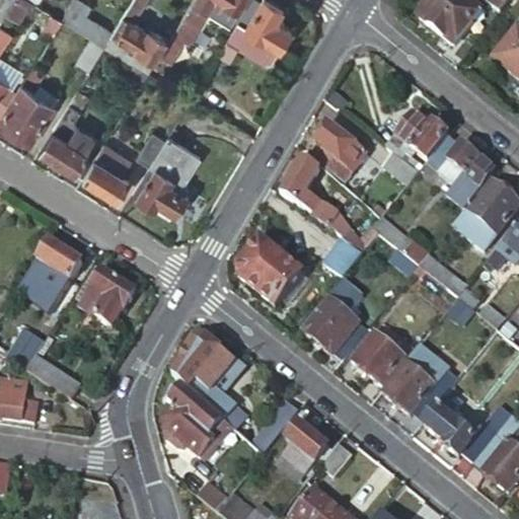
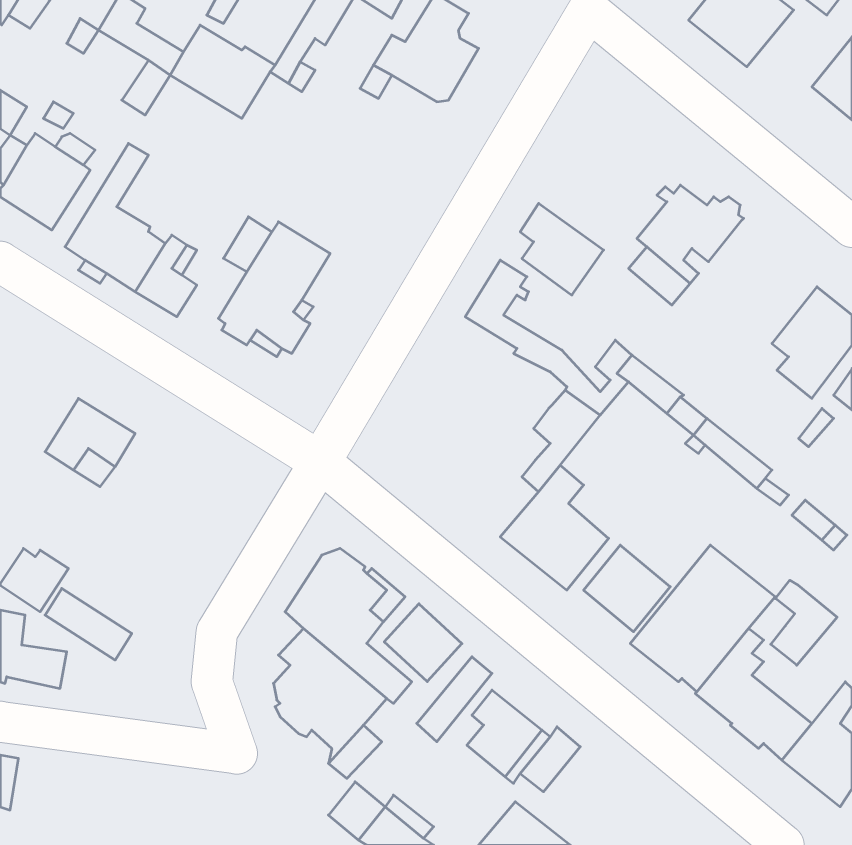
building: [431,134,499,188] -> none
building: [236,236,304,307] -> none
building: [74,269,136,329] -> none
building: none -> [771,580,837,665]
building: none -> [384,604,462,682]

